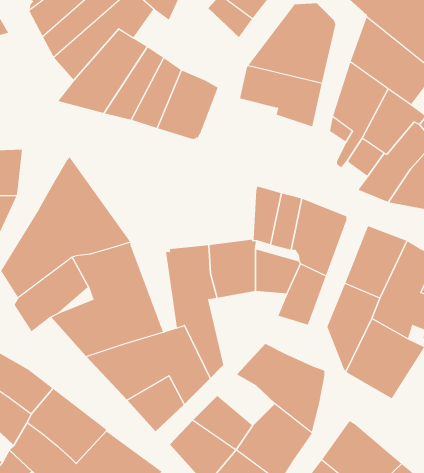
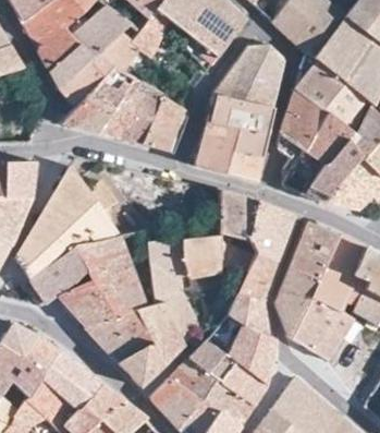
building: none -> [196,120,266,183]
building: none -> [228,293,267,334]
building: none -> [189,340,235,381]

